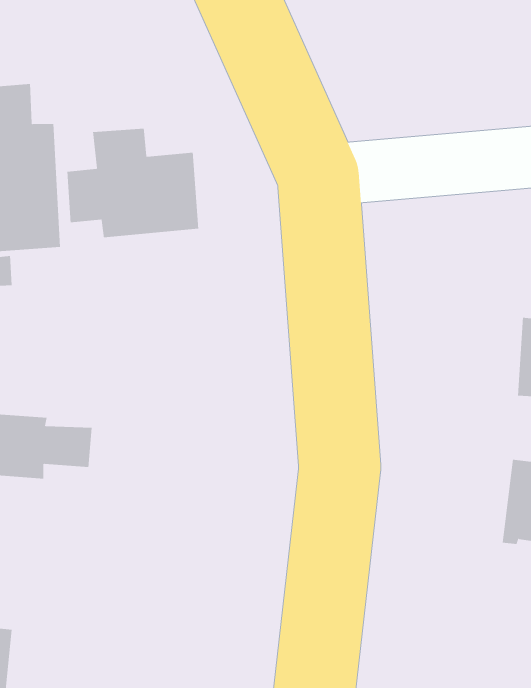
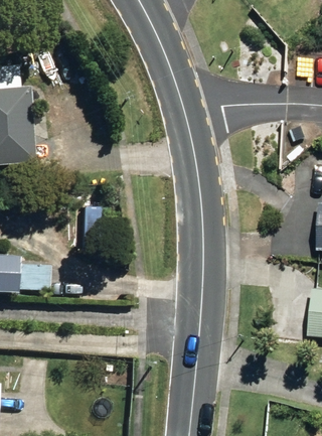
building: [67,128,199,238] -> none

